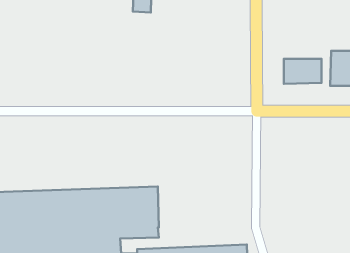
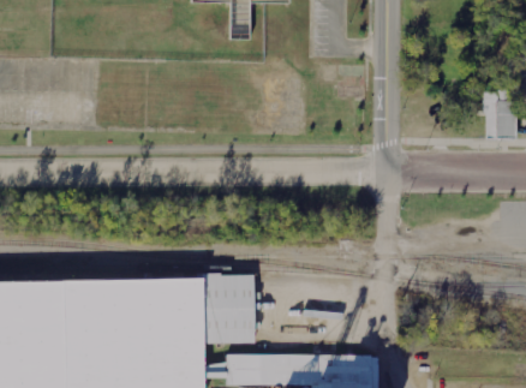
building: [284,59,322,84] -> none

